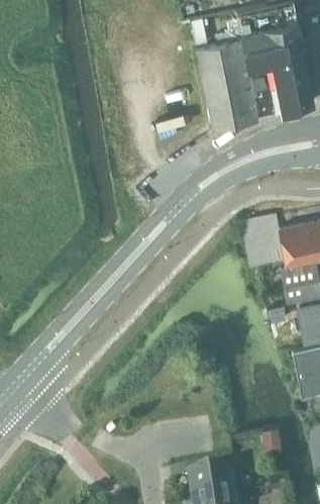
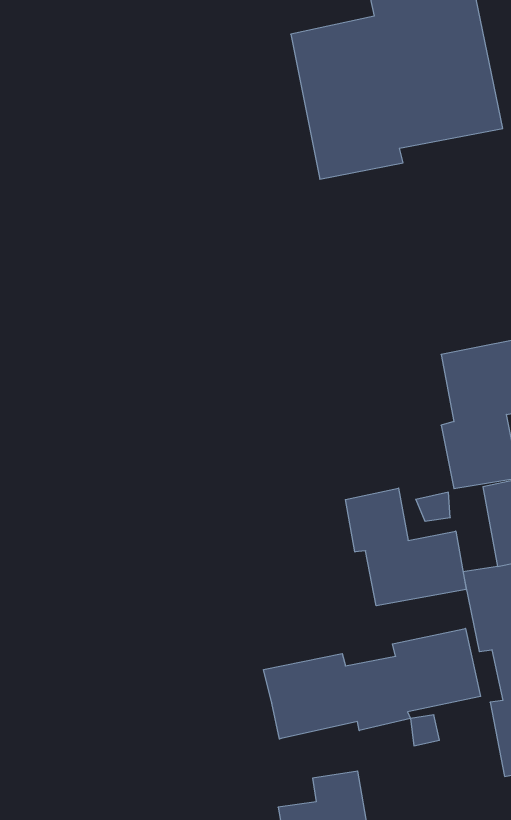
building: none -> [345,488,466,606]
building: none -> [264,628,481,739]

